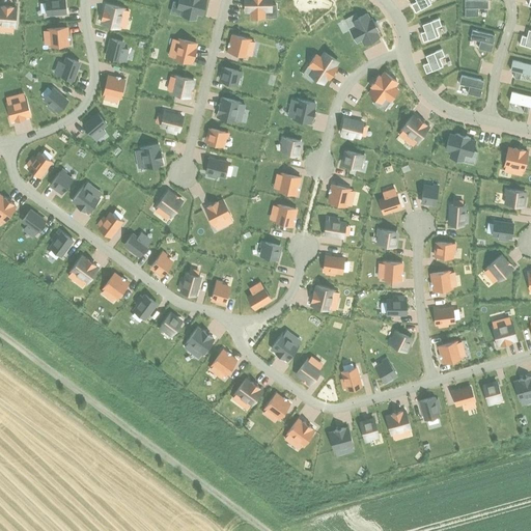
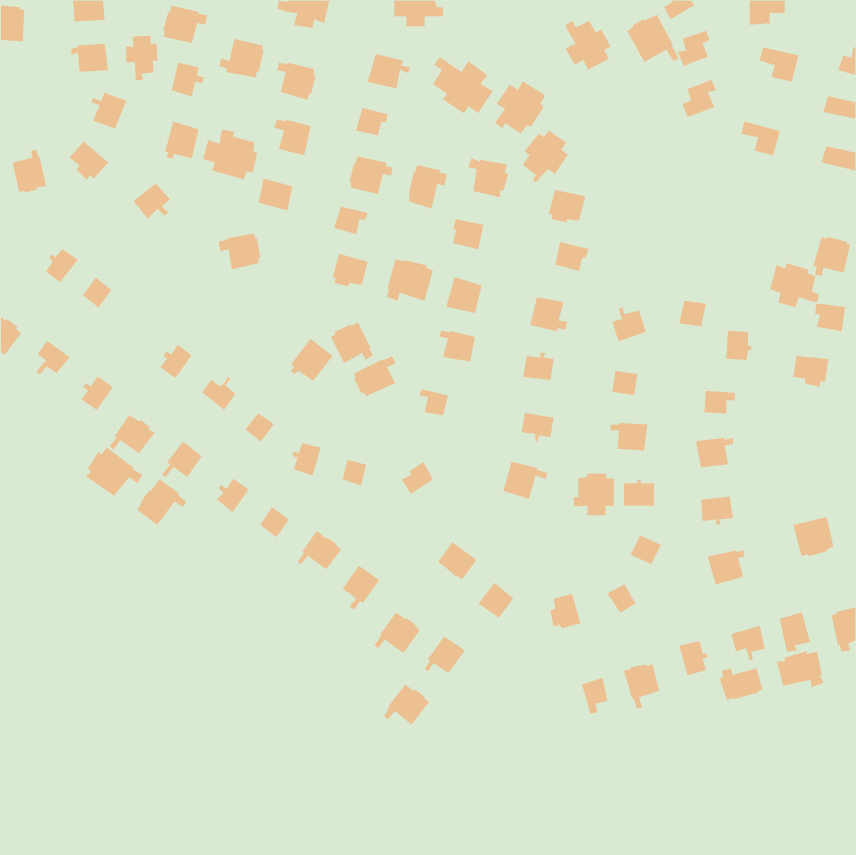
building: none -> [627,14,679,63]
building: none -> [125,35,158,81]
building: none -> [218,38,264,78]
building: none -> [432,56,494,114]
building: [368,73,397,106] -> [522,130,569,183]
building: none -> [203,129,258,180]
building: none -> [408,164,447,210]
building: [398,114,428,143] -> none
building: [445,133,476,161] -> [769,263,820,308]
building: none -> [386,258,434,301]
building: [72,183,97,213] -> none
building: [155,190,181,217] -> [290,338,334,381]
building: none -> [353,355,396,397]
building: [484,254,512,281] -> none
building: none -> [84,446,143,497]
building: none -> [573,473,614,516]
building: none -> [136,478,187,526]
building: none -> [776,650,824,688]
building: none -> [719,667,763,701]
building: [284,420,313,446] -> [383,683,430,725]
building: [328,427,353,457] -> none

